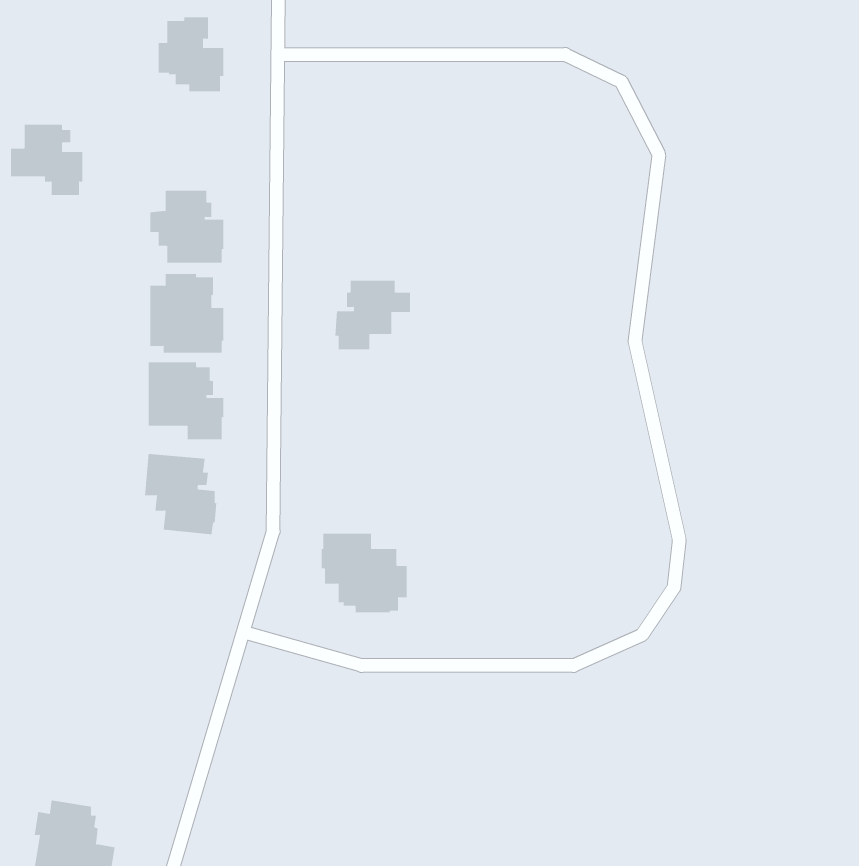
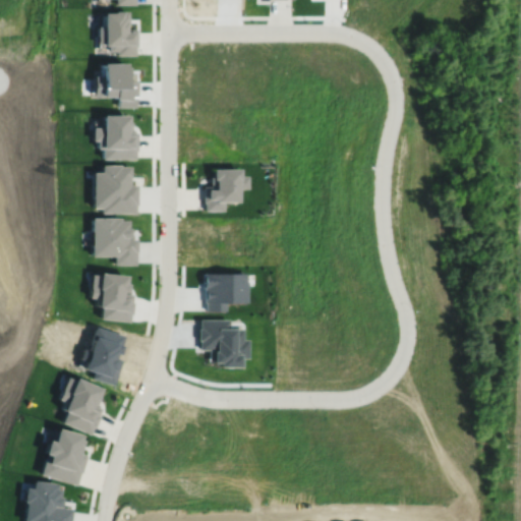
building: [10,124,83,196] -> [96,64,139,107]
building: none -> [204,274,249,311]
building: none -> [86,329,130,386]
building: none -> [60,378,104,435]
building: none -> [43,428,89,485]

